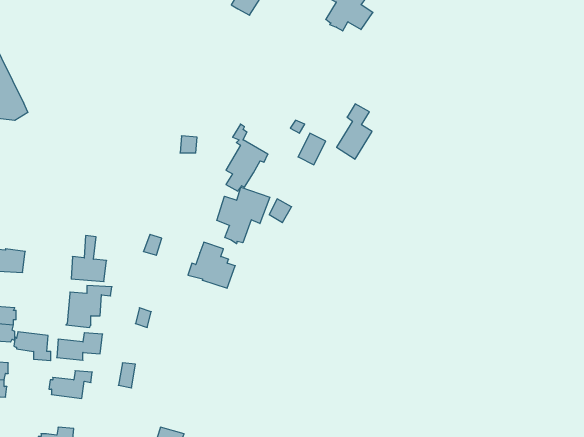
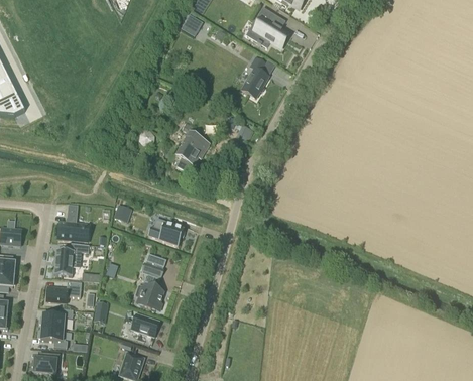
building: [337,104,372,159] -> [241,56,268,99]
building: [217,187,270,244] -> none
building: none -> [135,254,166,309]
building: [14,332,51,361] -> [39,328,68,350]
building: none -> [131,313,159,337]

